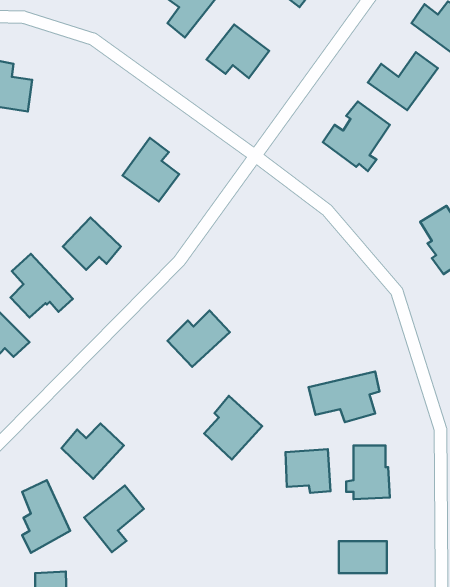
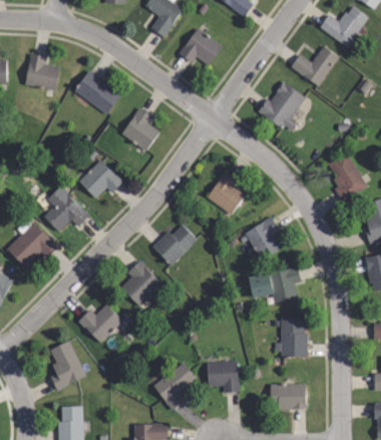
building: none -> [75,68,120,113]
building: none -> [208,170,246,213]
building: none -> [246,217,278,258]
building: [204,396,262,460] -> [122,261,162,305]
building: [286,449,331,493] -> [208,361,239,391]
building: [84,486,144,552] -> [154,363,196,409]

